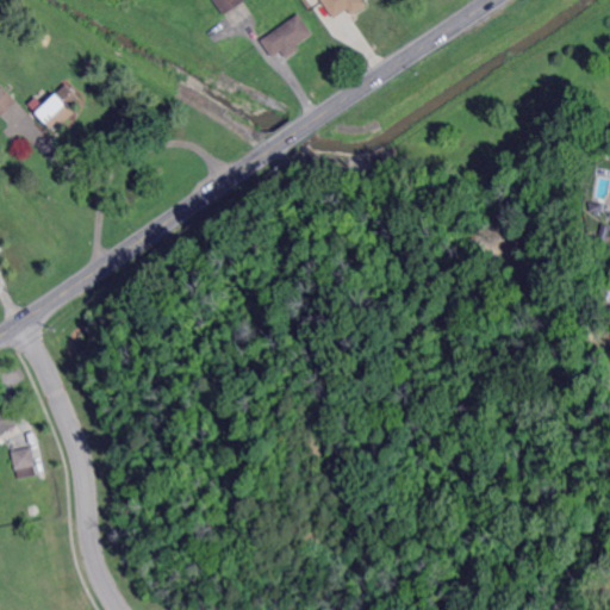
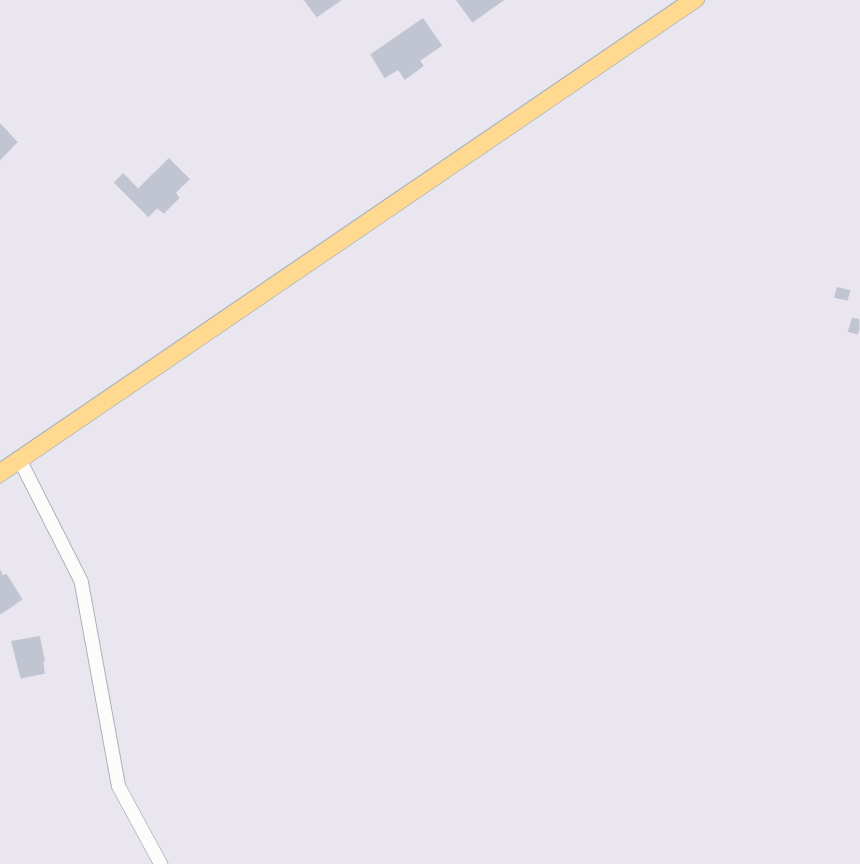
building: [24,83,79,126] -> [113,157,191,218]

